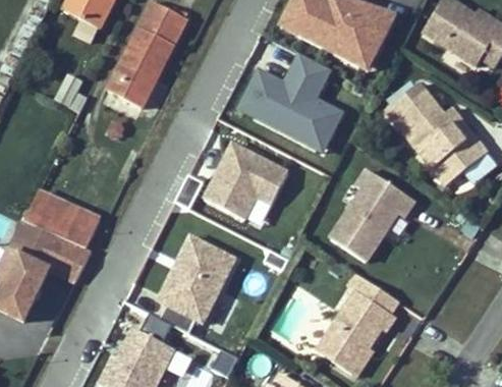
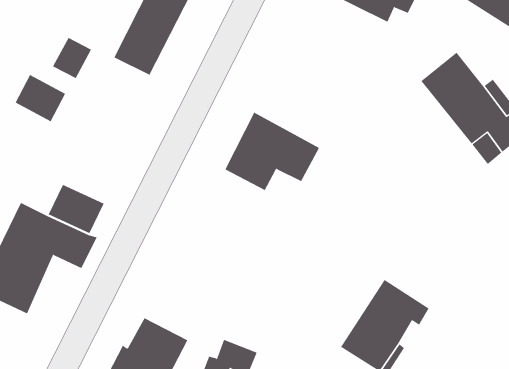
building: [242,55,344,145] -> none
building: none -> [15,74,66,122]
building: [325,169,417,263] -> none
building: [25,193,63,232] -> none
building: [154,237,231,337] -> none

